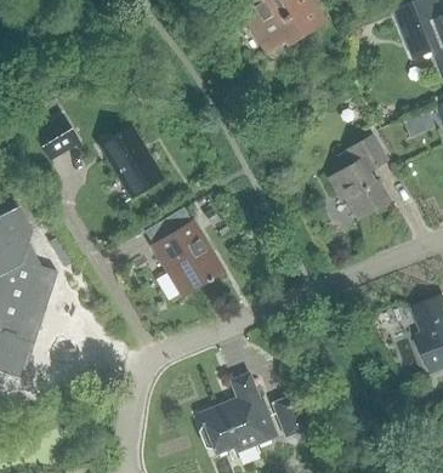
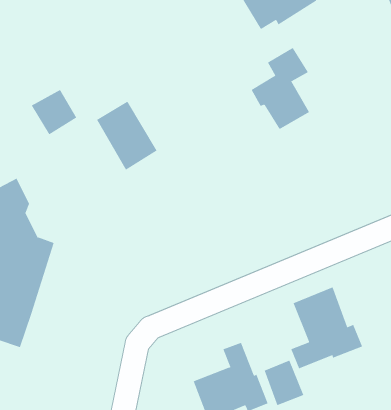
building: [328,135,388,220] -> [251,47,310,130]
building: [146,207,222,295] -> none
building: none -> [291,286,363,369]

